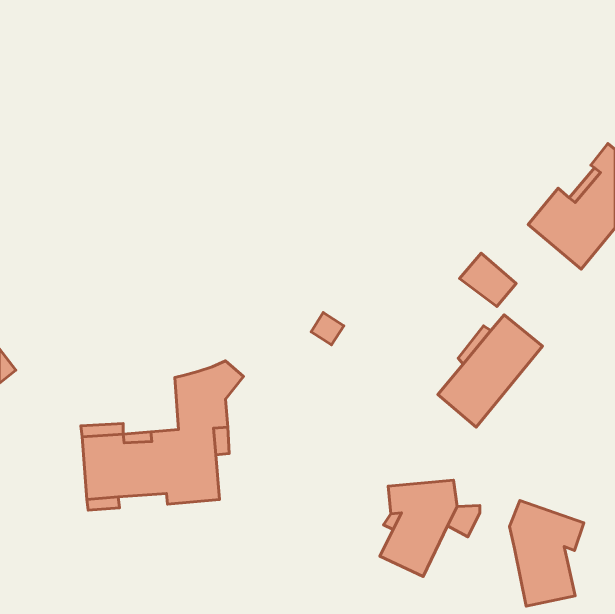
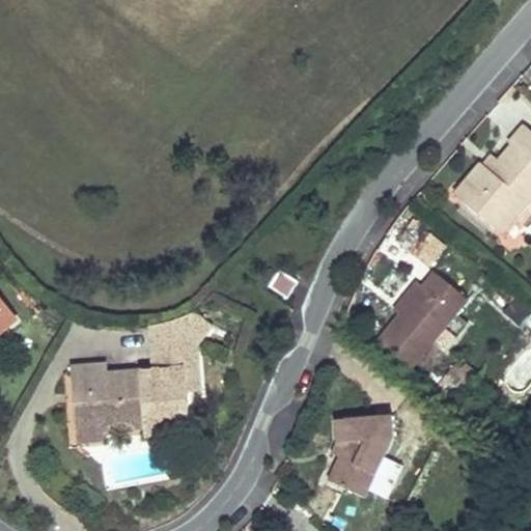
building: [510,500,584,606] -> none

